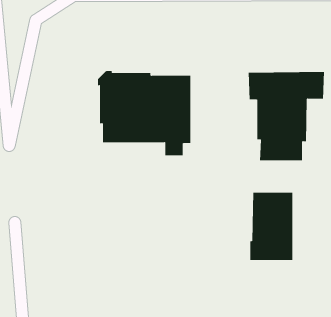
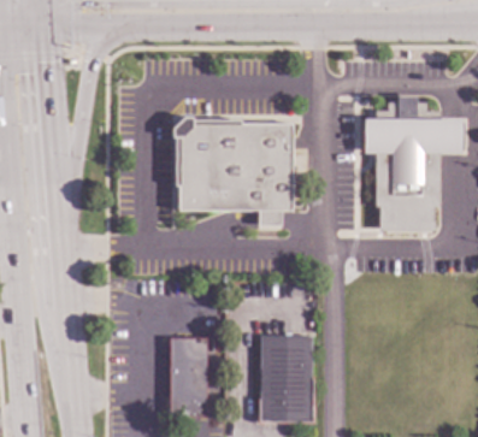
building: [250,192,293,261] -> [259,336,314,423]
building: none -> [170,337,208,417]

